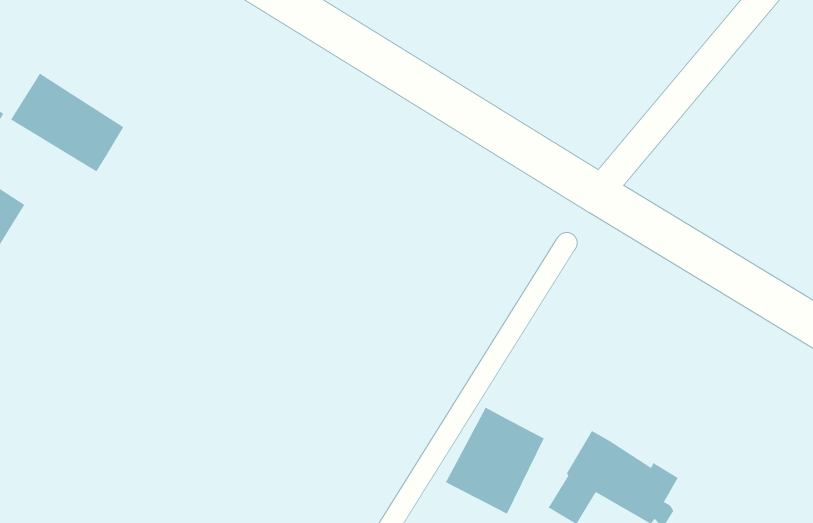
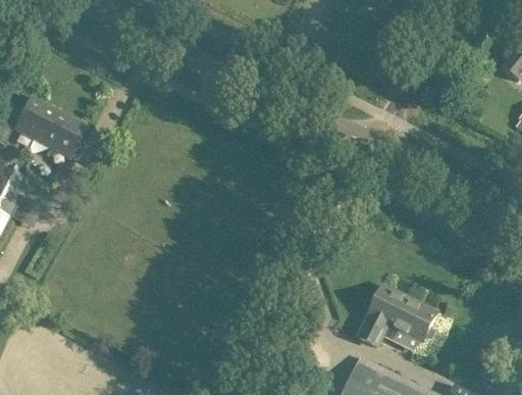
building: [445,407,544,514] -> none

